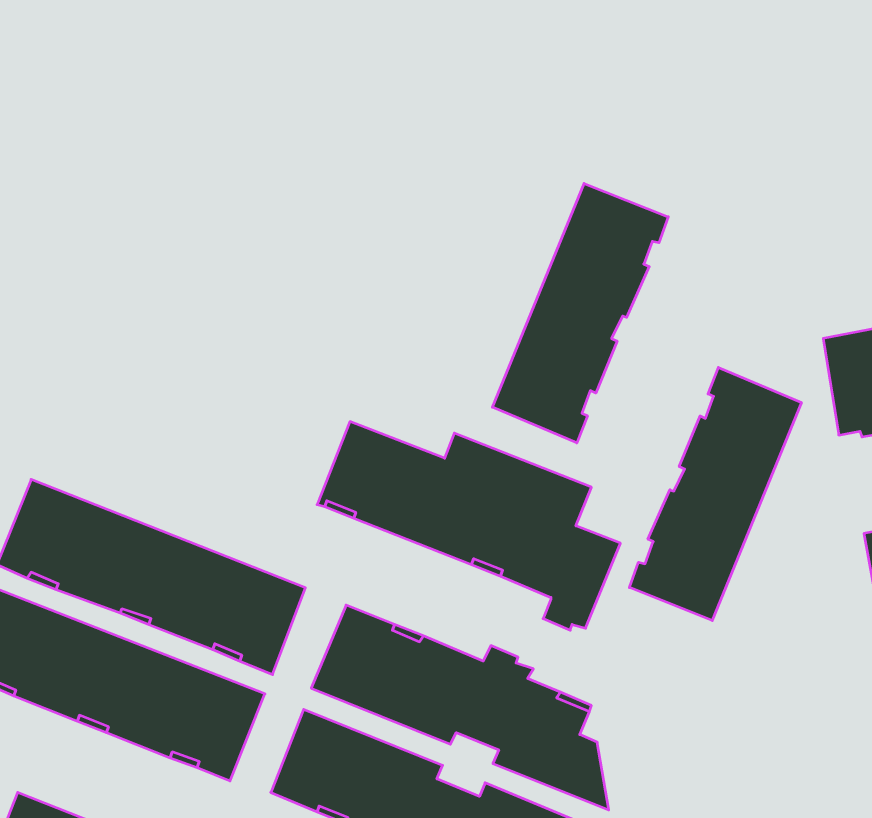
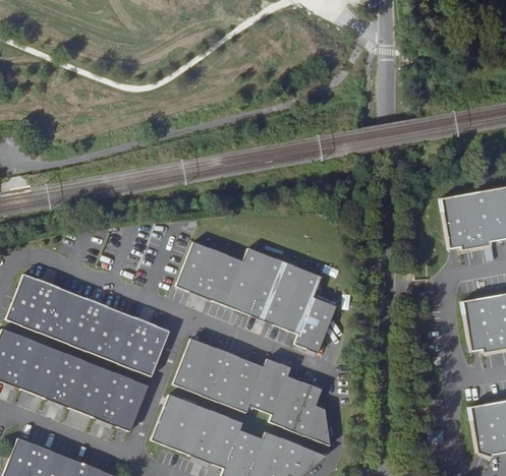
building: [492,183,668,443] -> none
building: [629,367,801,621] -> none

